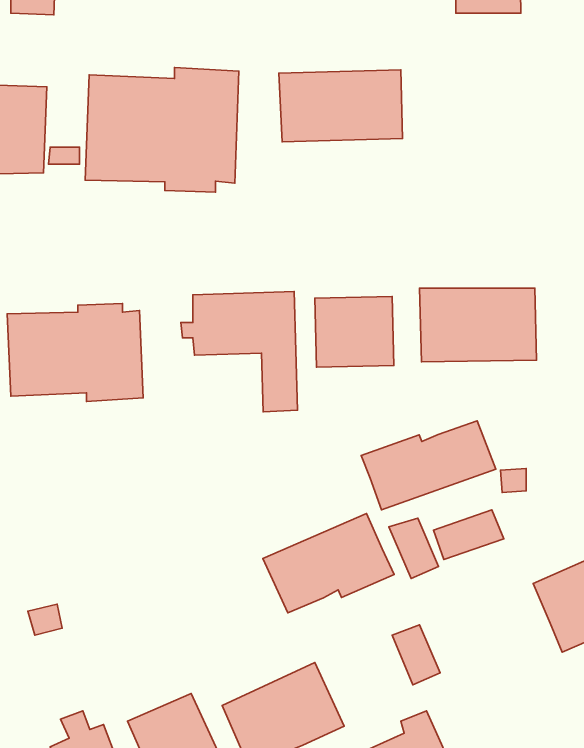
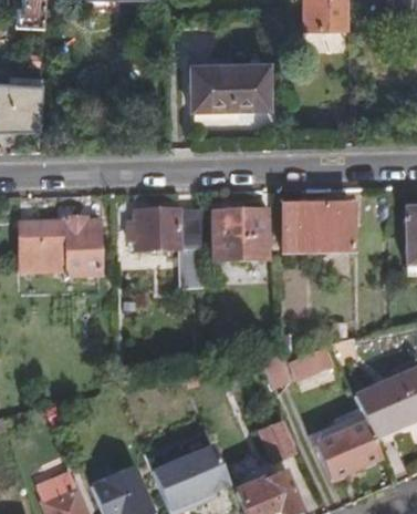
building: [85,68,239,192] -> none
building: [361,421,496,510] -> none
building: [263,513,394,613] -> none
building: none -> [313,420,380,477]

